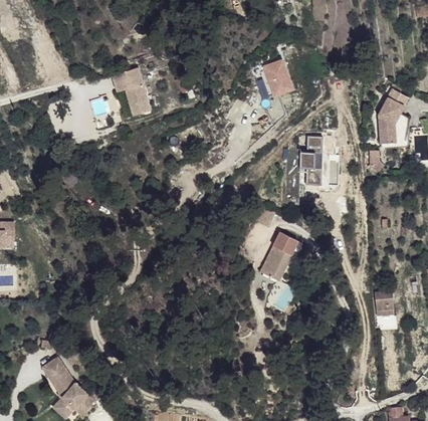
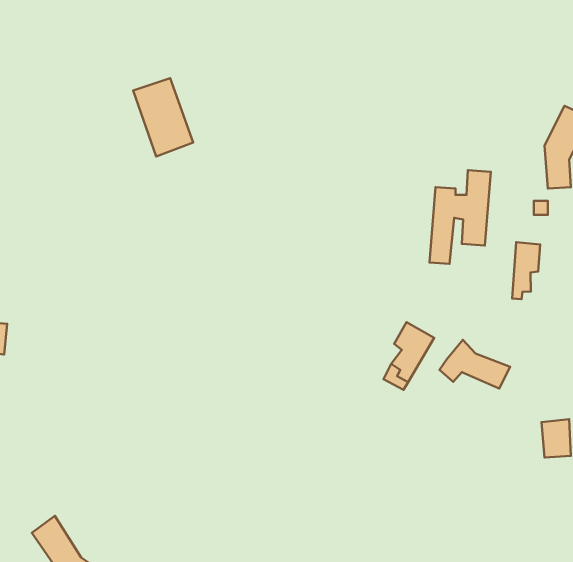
building: [263,60,292,98] -> none
building: none -> [512,242,540,299]
building: none -> [439,340,510,389]

